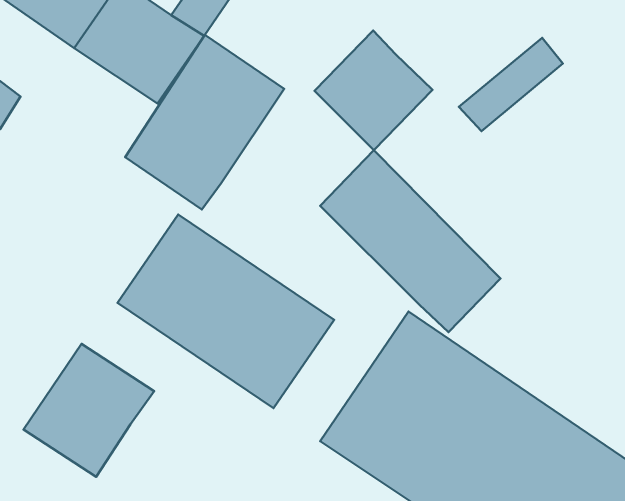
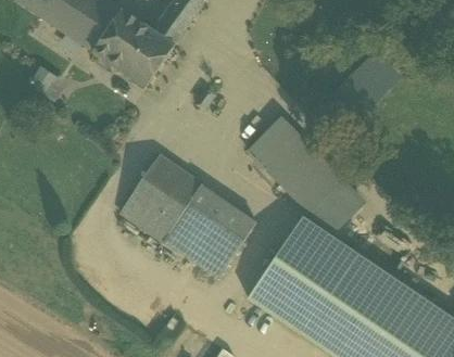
building: [315,30,433,150] -> none
building: [125,35,284,210] -> none
building: [23,344,154,477] -> none

